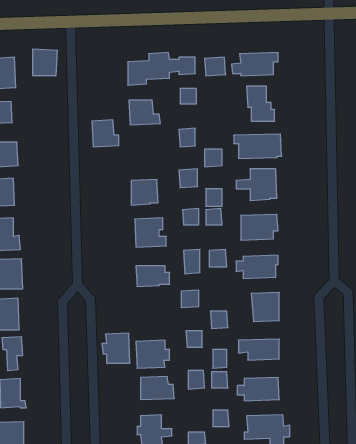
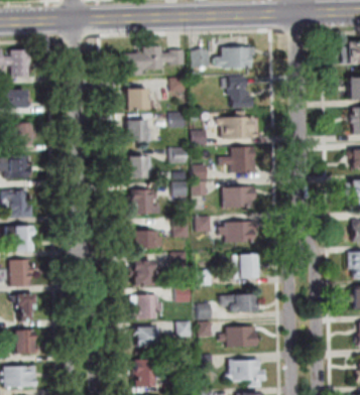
building: [33,49,57,76] -> none
building: [92,120,119,147] -> [126,119,149,142]
building: [102,333,130,363] -> [129,259,153,285]

